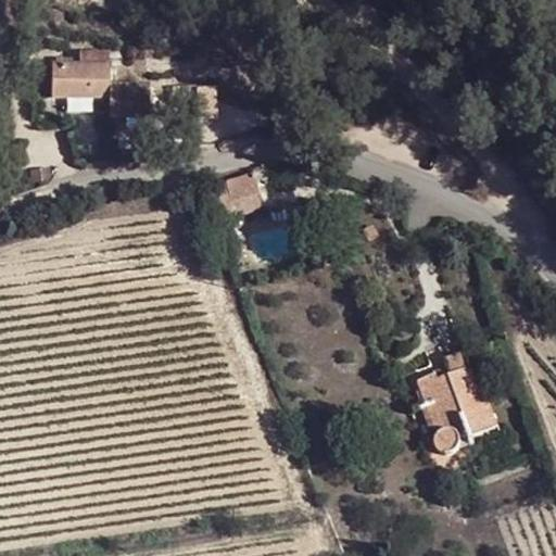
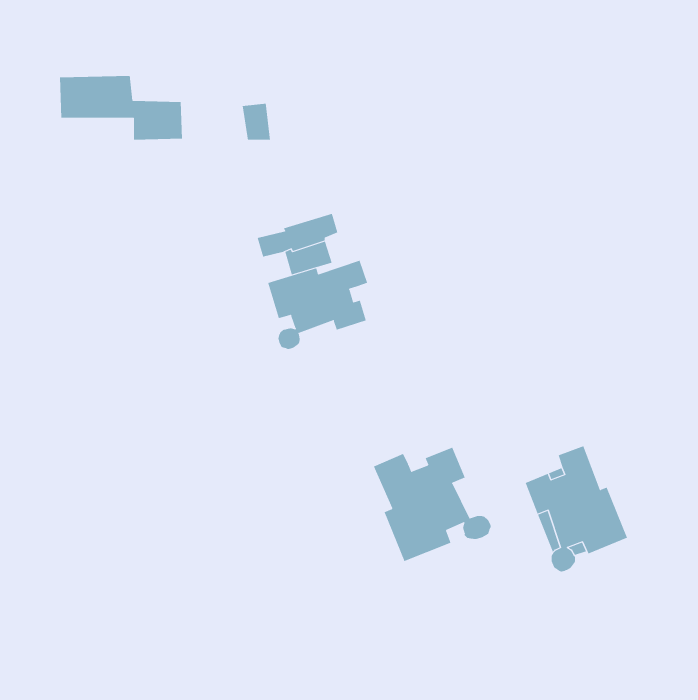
building: none -> [268,260,368,350]
building: none -> [373,447,491,562]

